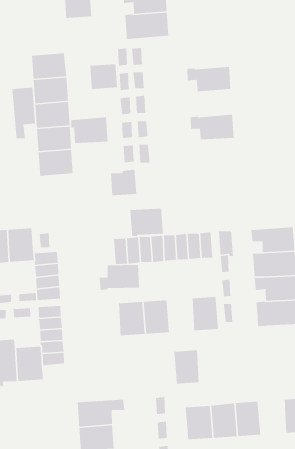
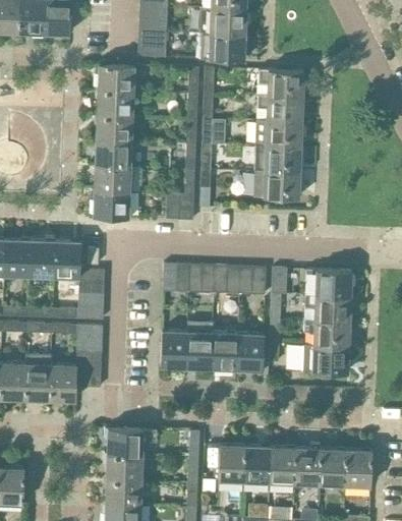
building: none -> [259,70,304,99]
building: [90,63,118,90] -> [138,32,167,58]
building: [11,87,36,139] -> none
building: none -> [256,121,302,149]
building: [70,117,109,144] -> [92,190,130,219]
building: none -> [254,171,300,199]
building: [129,208,164,237] -> none
building: [99,264,140,291] -> none
building: [173,349,200,384] -> [212,333,238,368]
building: none -> [294,445,322,484]

